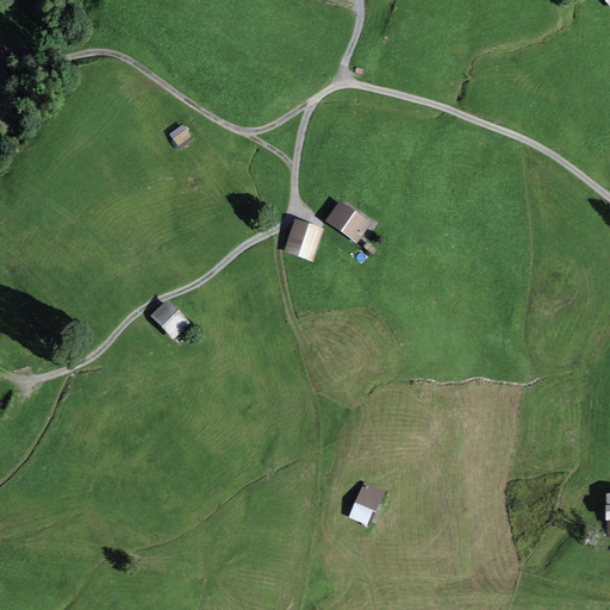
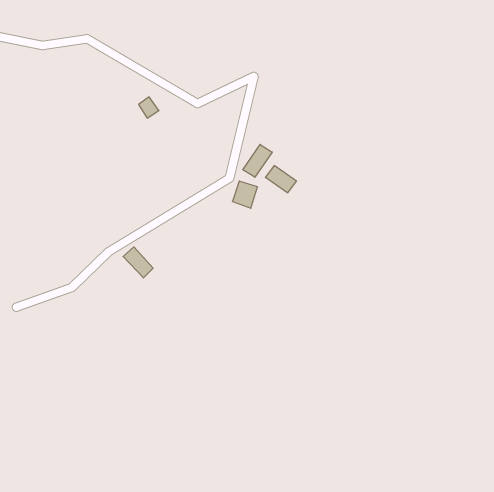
building: none -> [243,144,272,177]
building: [349,484,378,524] -> none

